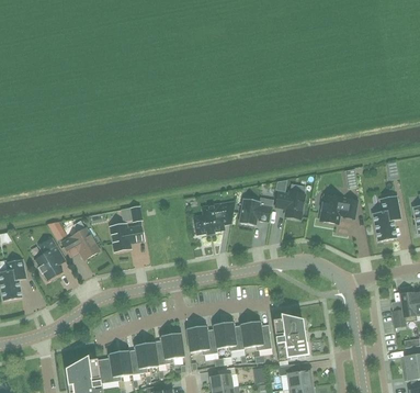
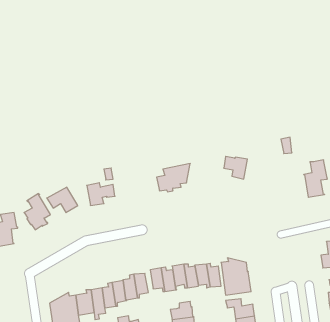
building: [320,194,357,223] -> none
building: [239,198,272,225] -> none

